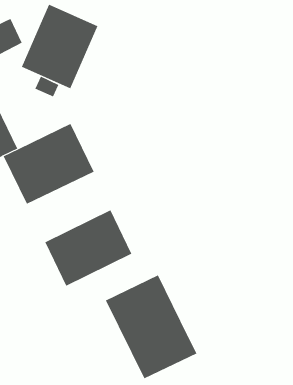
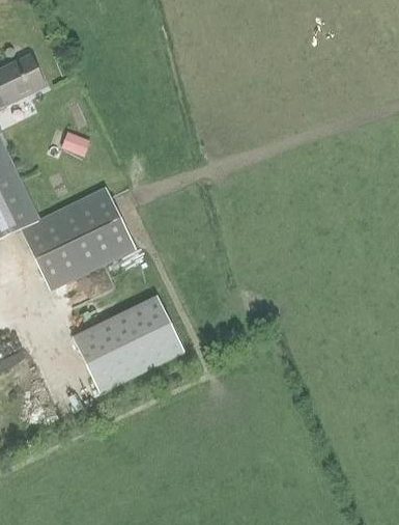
building: [21,4,98,89] -> none
building: [105,274,197,379] -> none

